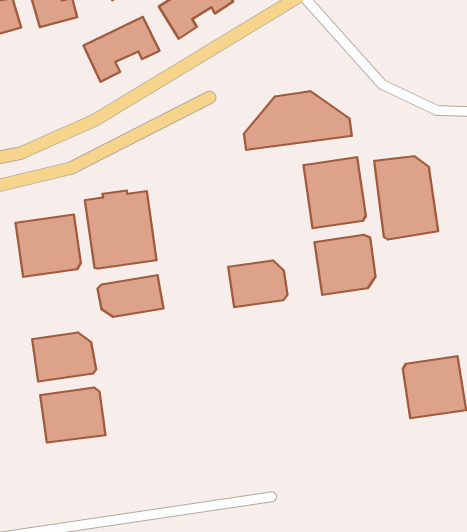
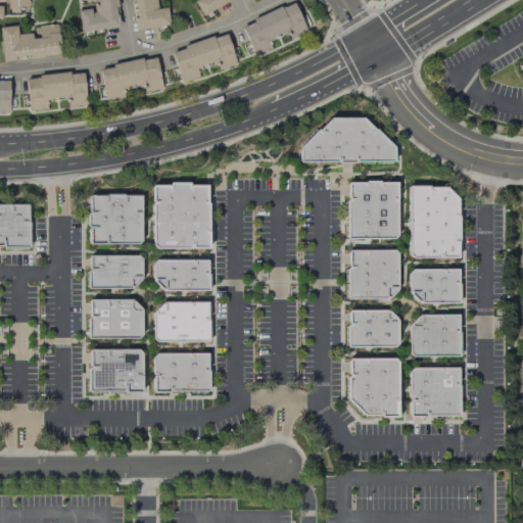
building: none -> [102,56,164,100]
building: none -> [411,270,460,303]
building: [228,260,287,307] -> [351,311,399,346]
building: none -> [90,255,144,288]
building: none -> [412,315,460,355]
building: none -> [155,301,210,341]
building: none -> [350,358,400,417]
building: none -> [155,353,210,390]

